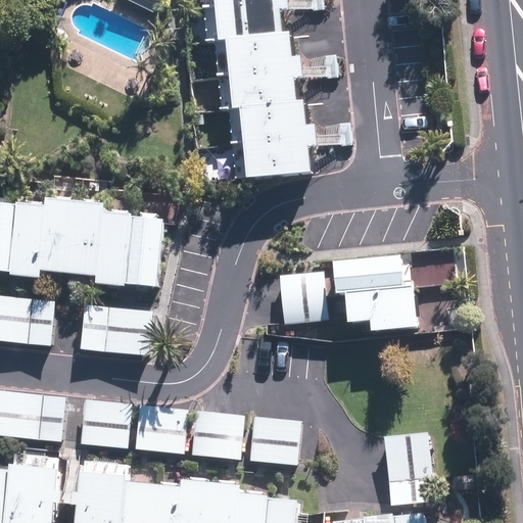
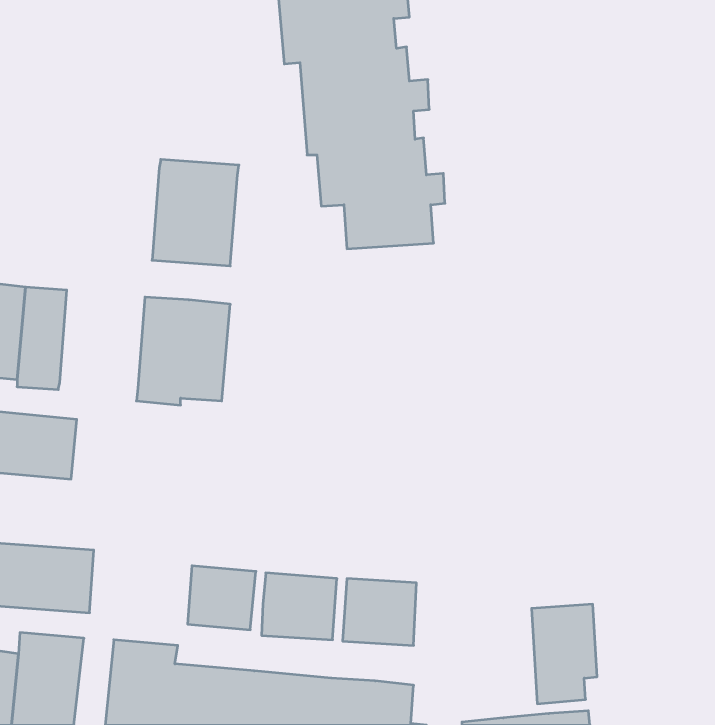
building: [43,202,105,279] -> [152,159,239,266]
building: [277,255,445,334] -> none
building: [80,304,150,356] -> none
building: [78,398,131,449] -> none

